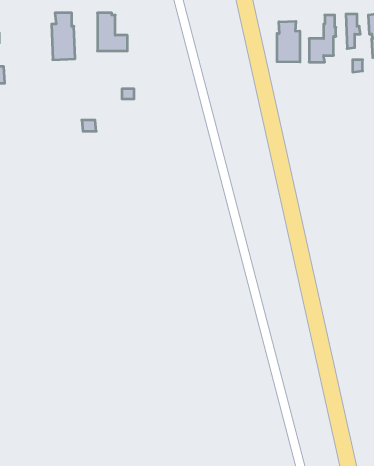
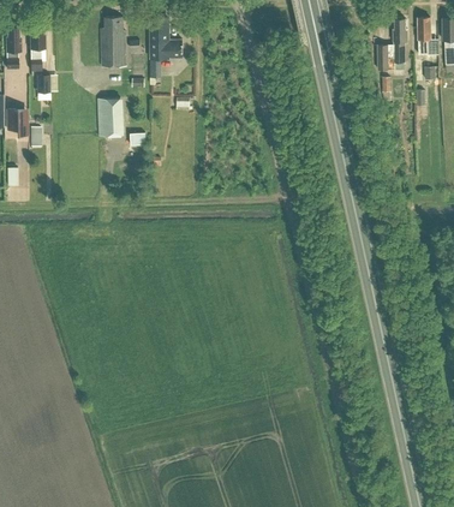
building: [277,21,300,62] -> none
building: none -> [98,100,121,137]

